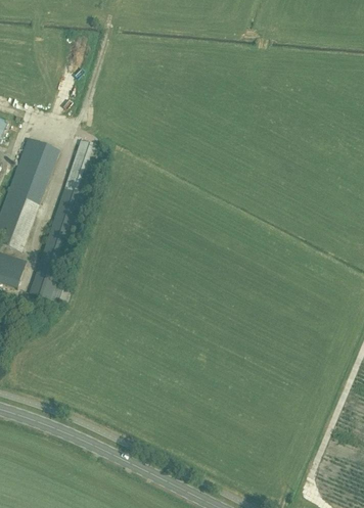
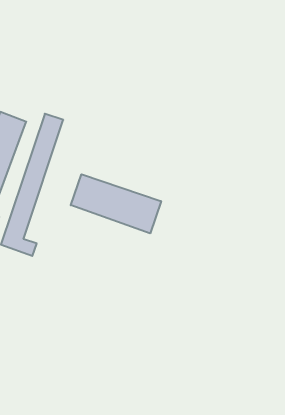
building: none -> [71,174,161,233]

